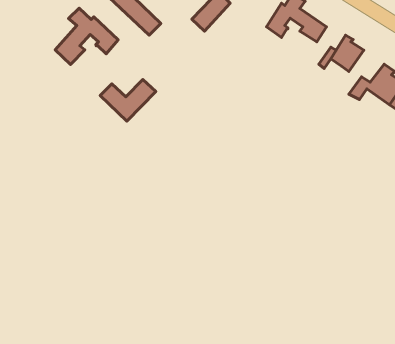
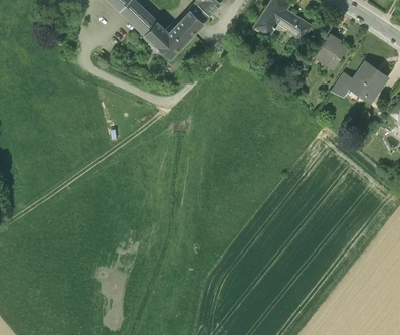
building: [55,8,118,64] -> none
building: [100,80,156,121] -> [144,19,196,58]

